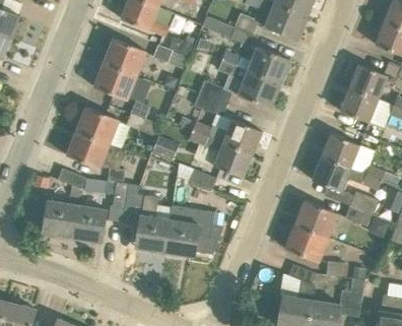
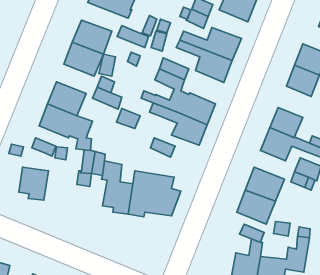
building: [71,205,106,241] -> none

